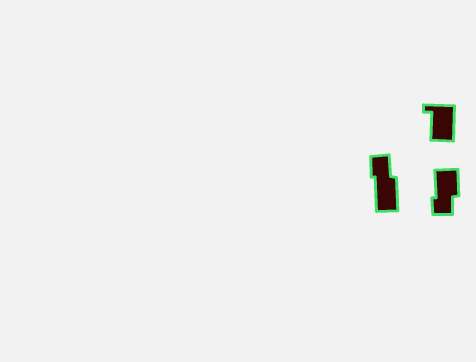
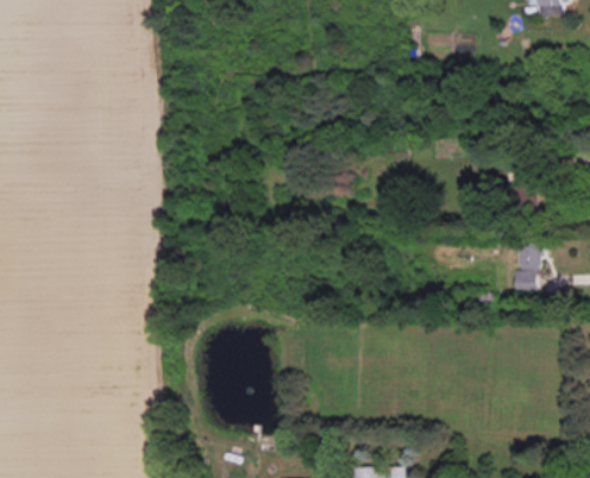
building: [371,155,398,212] -> none

